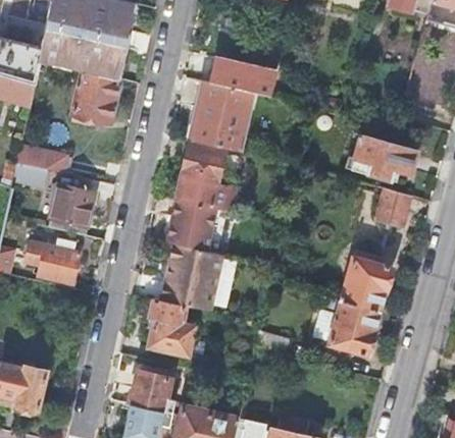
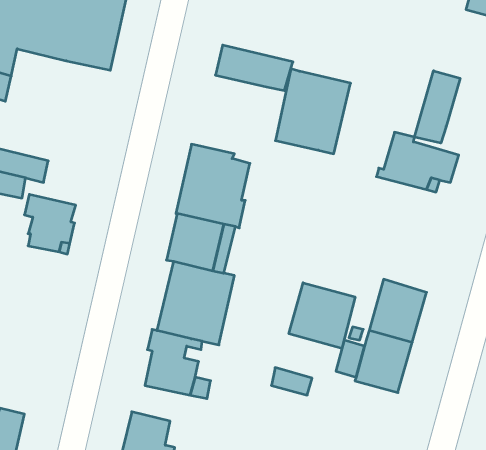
building: [71,69,120,122] -> none
building: none -> [415,71,460,143]
building: [190,79,254,152] -> [275,69,351,154]
building: [377,187,411,226] -> none
building: [37,240,80,283] -> none
building: none -> [289,283,355,349]

